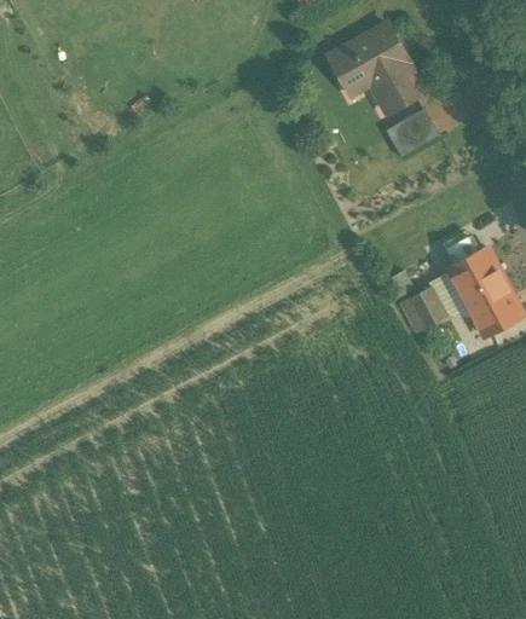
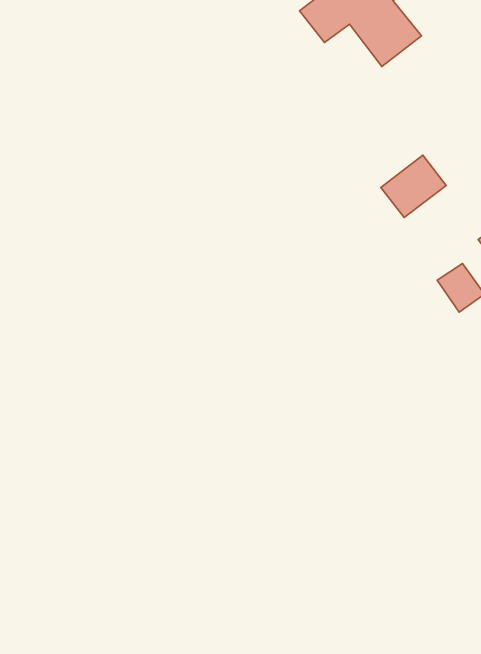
building: [386,109,440,158] -> [381,155,446,218]

